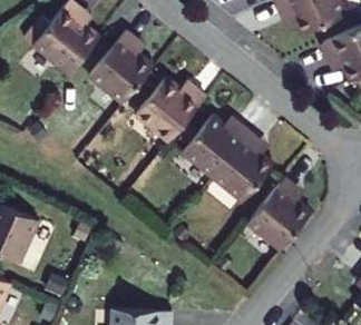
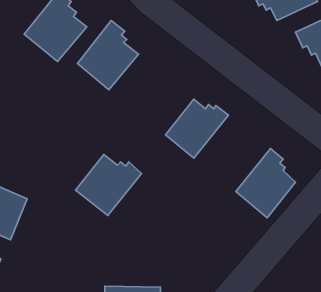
building: [135,76,205,140] -> [75,155,141,215]
building: [212,130,273,200] -> none

